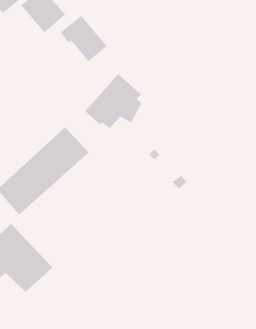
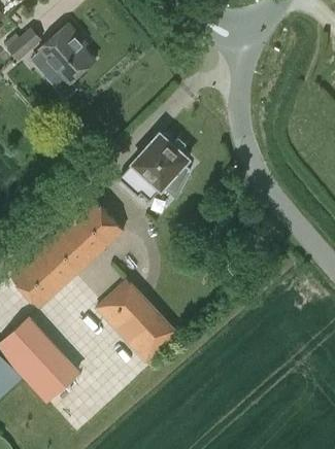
building: [60,15,108,62] -> none
building: none -> [95,279,174,364]

